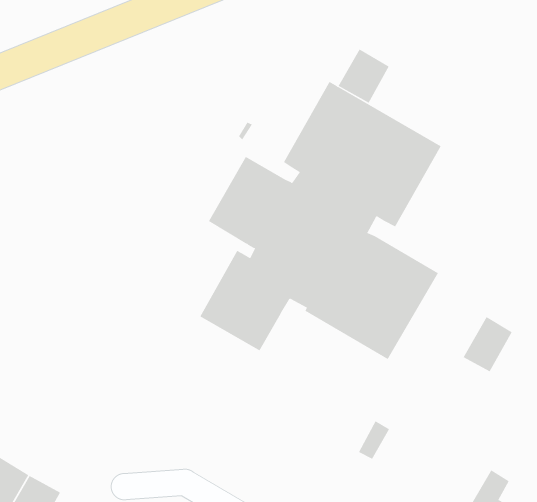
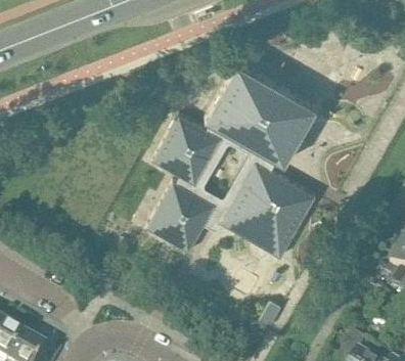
building: [338,48,390,104] -> none
building: [463,316,512,372] -> none

